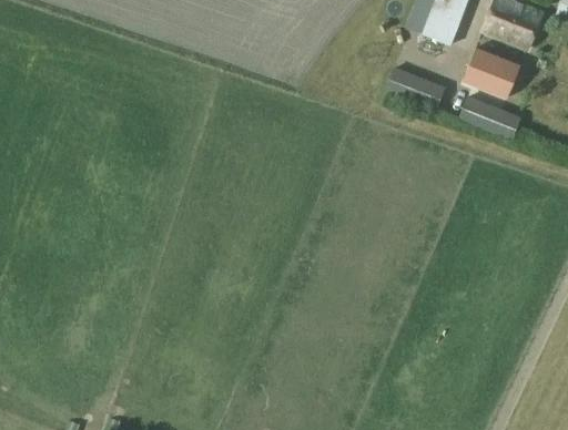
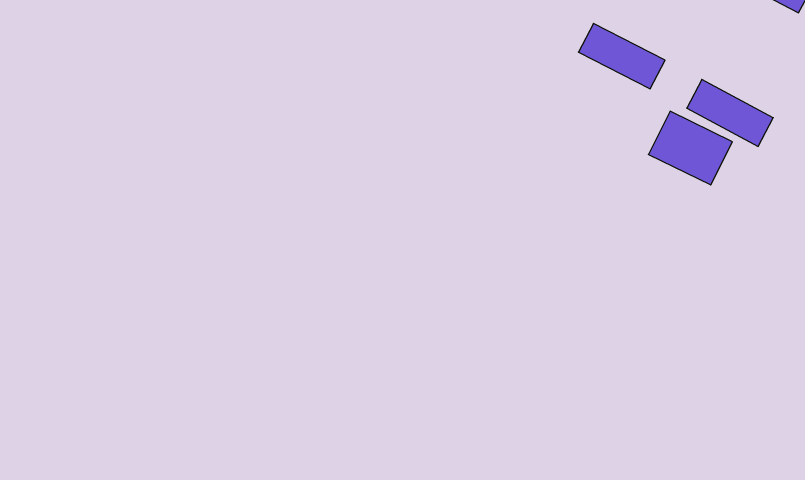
building: [466,50,520,95] -> [648,111,732,185]

